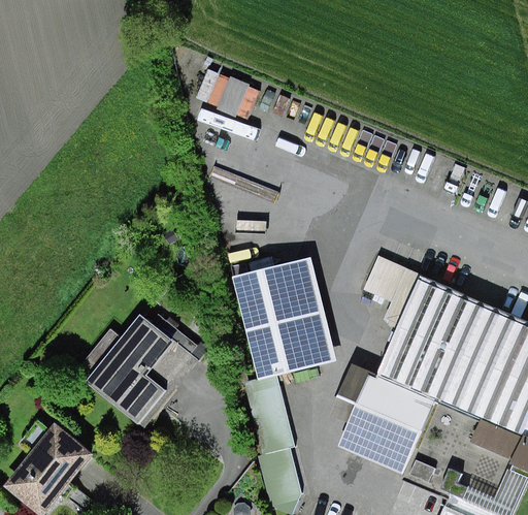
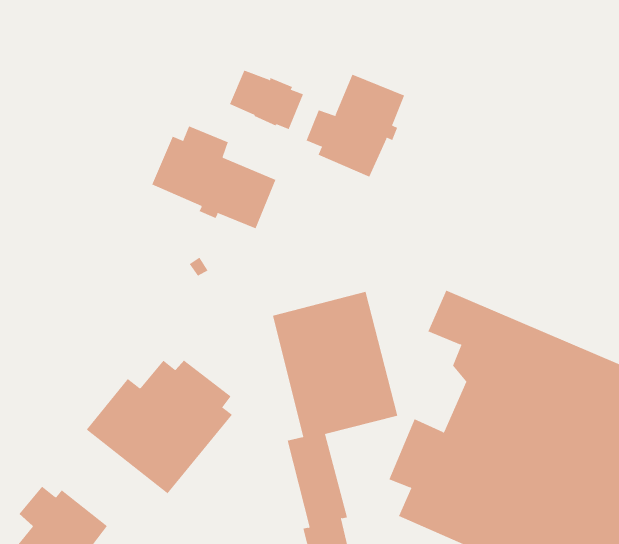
building: none -> [306,74,405,177]
building: none -> [151,126,276,229]

